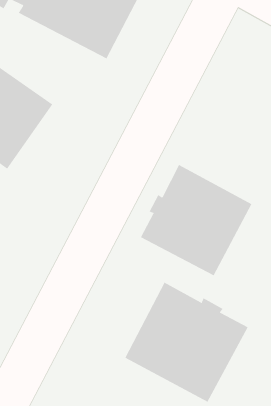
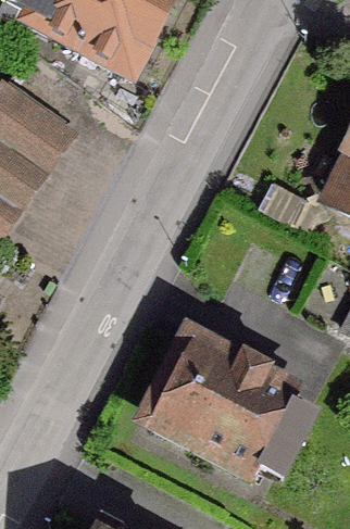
building: [140,164,252,276] -> none

